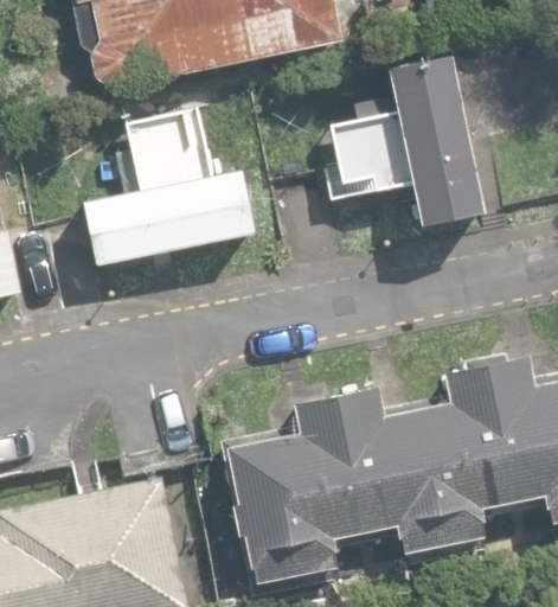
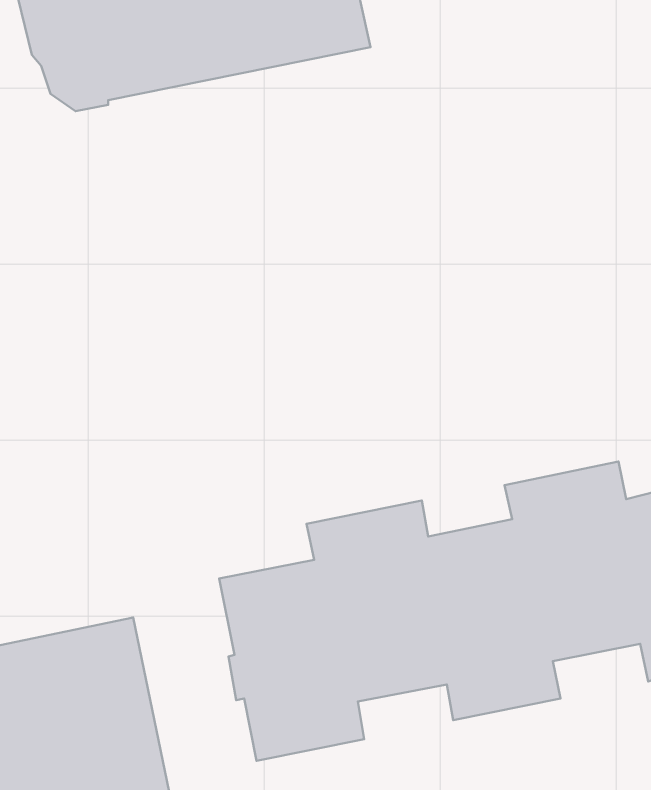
building: [332,56,485,228] -> none
building: [85,110,256,266] -> none

